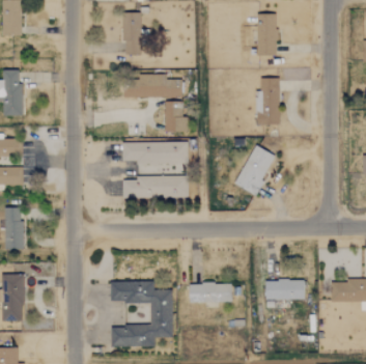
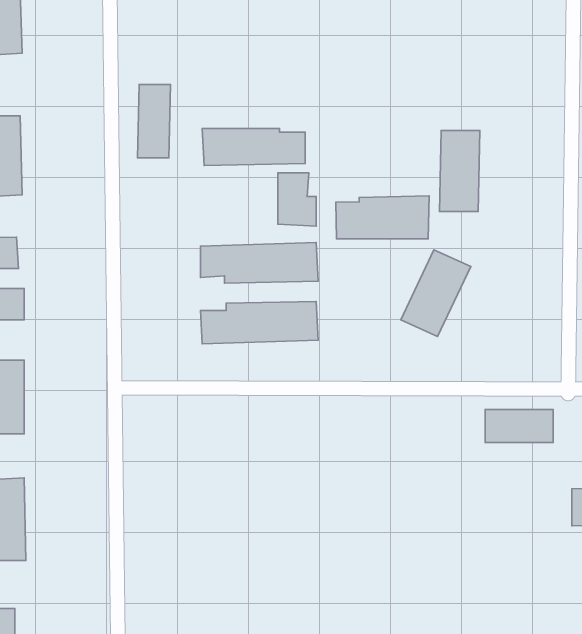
building: [123,12,142,54] -> [137,84,171,158]
building: [257,13,278,55] -> none
building: none -> [336,196,429,239]
building: [265,280,304,299] -> [485,409,553,443]
building: [111,281,172,346] -> none
building: [190,282,231,302] -> none

